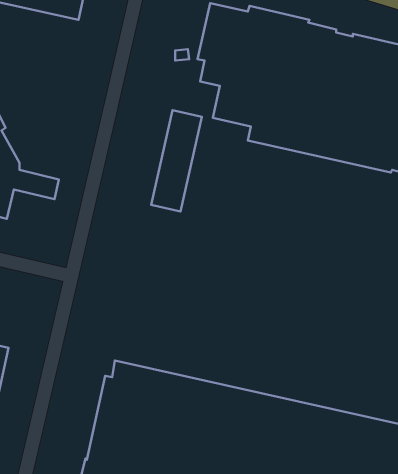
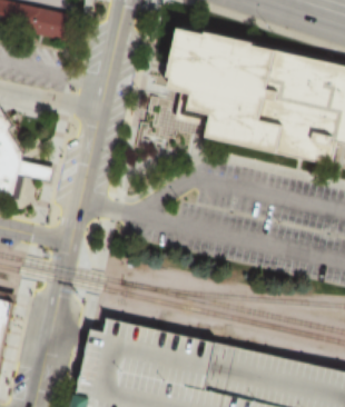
building: [151,110,202,211] -> none

